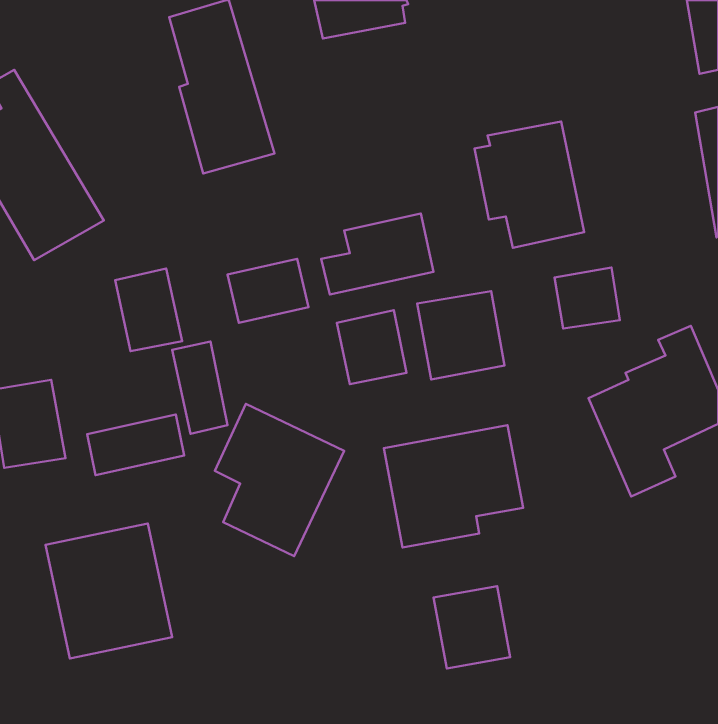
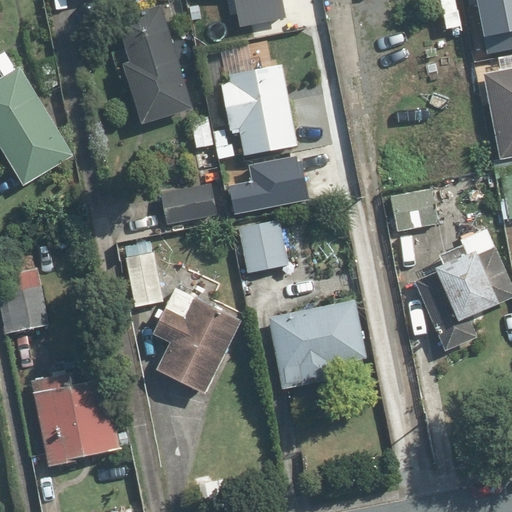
building: [475,121,584,248] -> [219,65,296,154]
building: [115,269,182,351] -> none
building: [417,291,504,380] -> none
building: [87,415,184,475] -> none
building: [434,586,510,669] -> none

